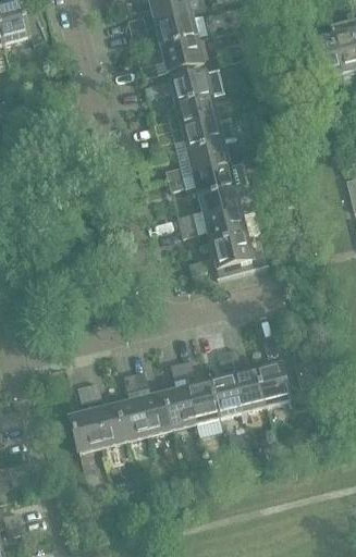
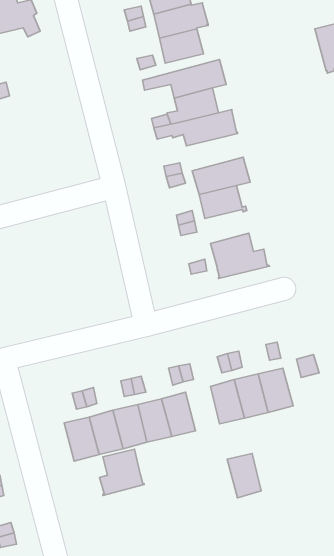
building: [187,141,230,174] -> none
building: [205,207,258,244] -> none
building: [186,381,219,423] -> [227,454,261,498]
building: none -> [99,449,144,495]

